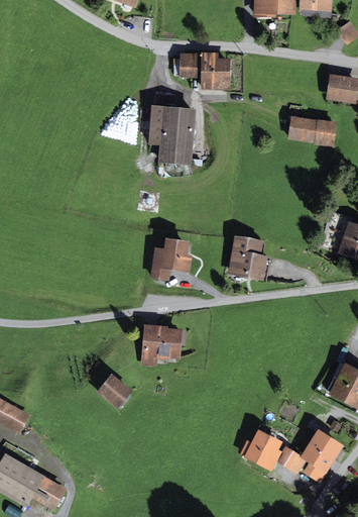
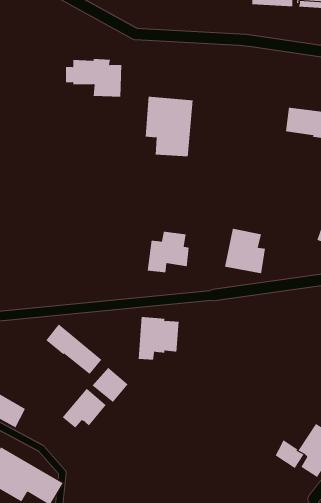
building: [173,51,230,90] -> [65,58,122,97]
building: none -> [45,323,102,375]
building: none -> [62,388,106,428]
building: [240,429,282,473] -> none

